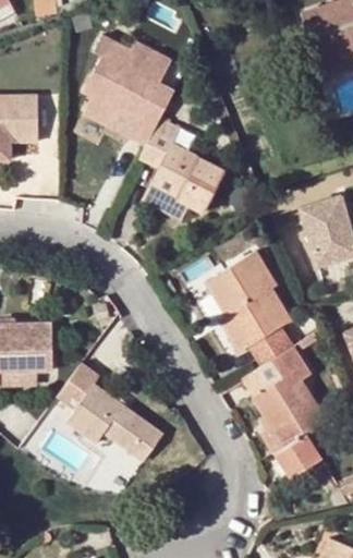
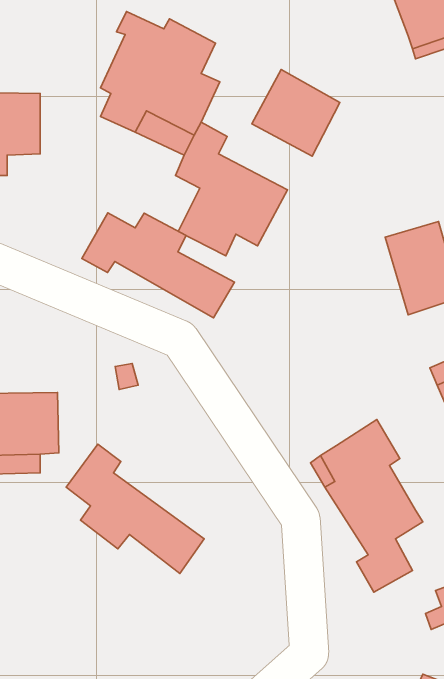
building: none -> [252,69,340,156]
building: none -> [82,213,235,318]
building: [208,253,293,365] -> none

